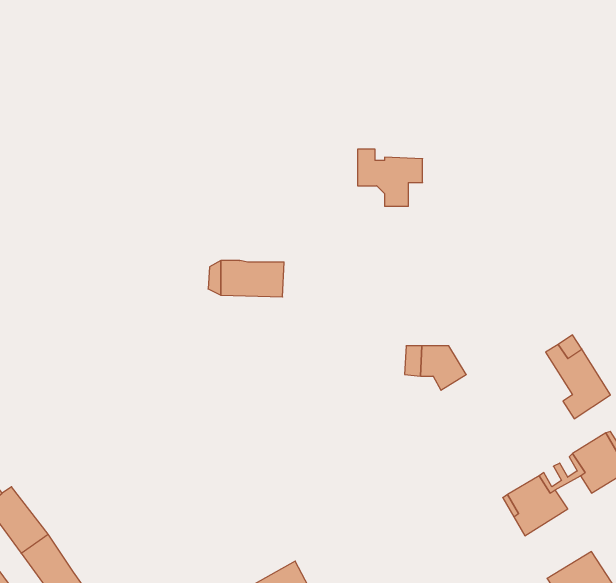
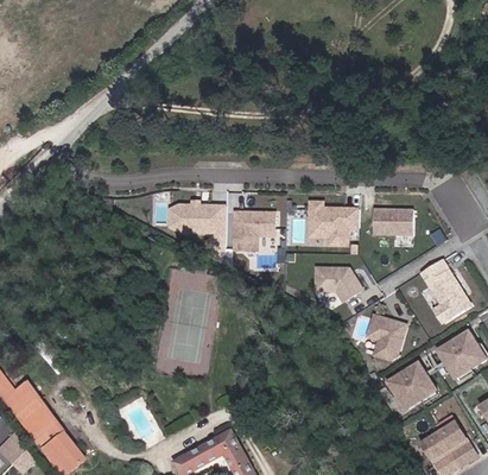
building: [358,149,423,206] -> [308,201,356,243]
building: none -> [368,208,412,238]
building: none -> [230,211,271,249]
building: none -> [366,315,404,359]

